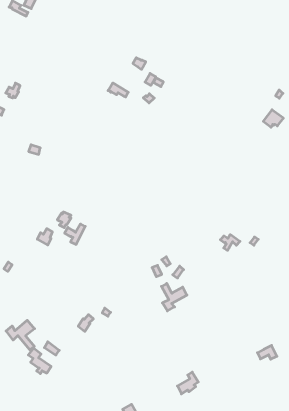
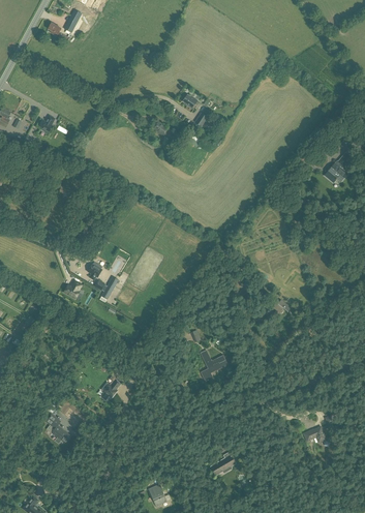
building: [6,320,35,350] -> none

